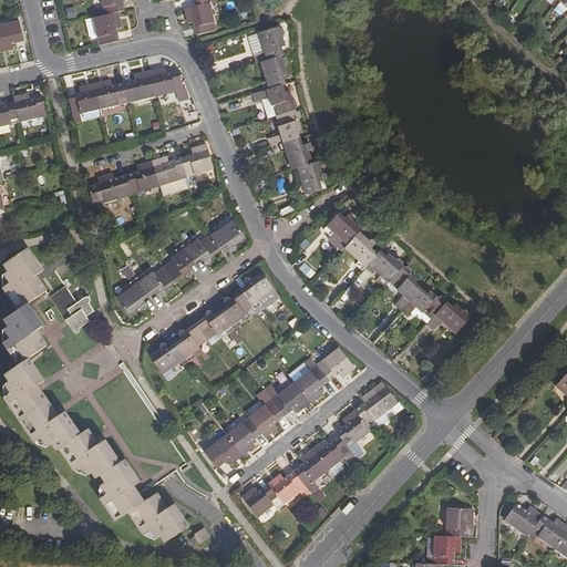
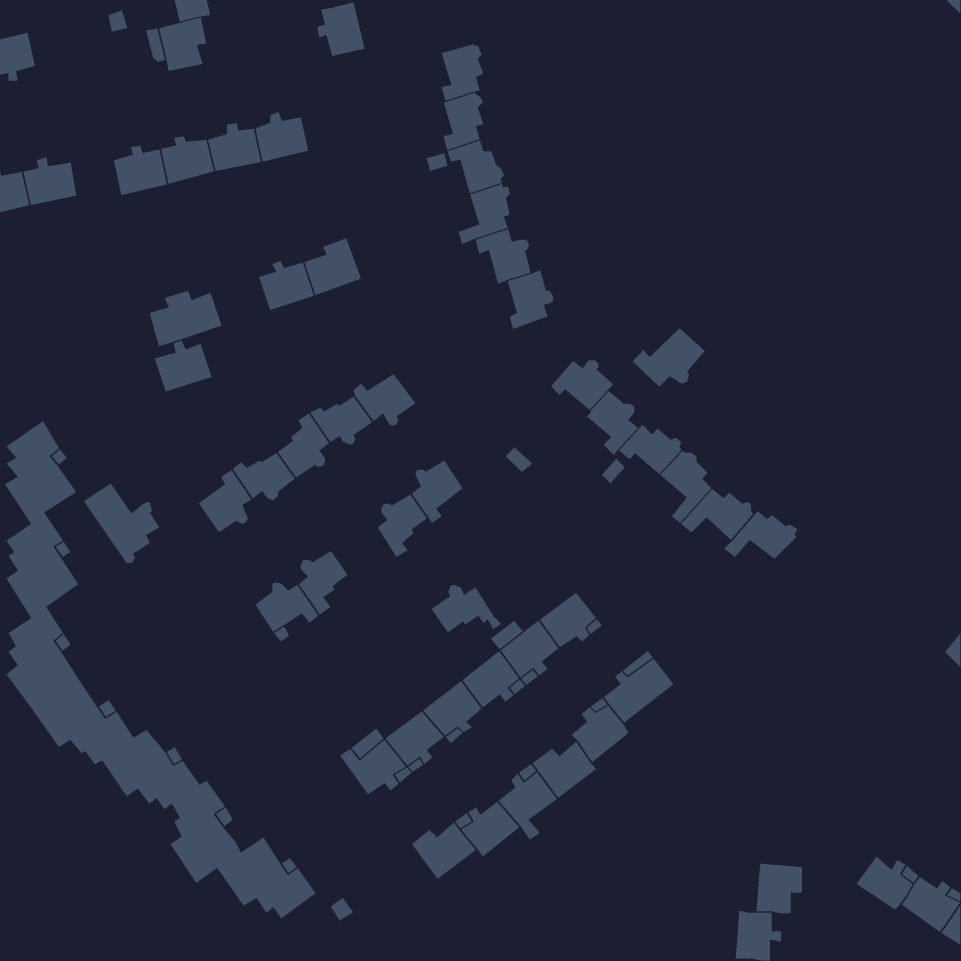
building: [124,161,158,192] -> [154,339,212,392]
building: none -> [632,327,705,387]
building: [195,309,237,338] -> [431,585,502,634]

